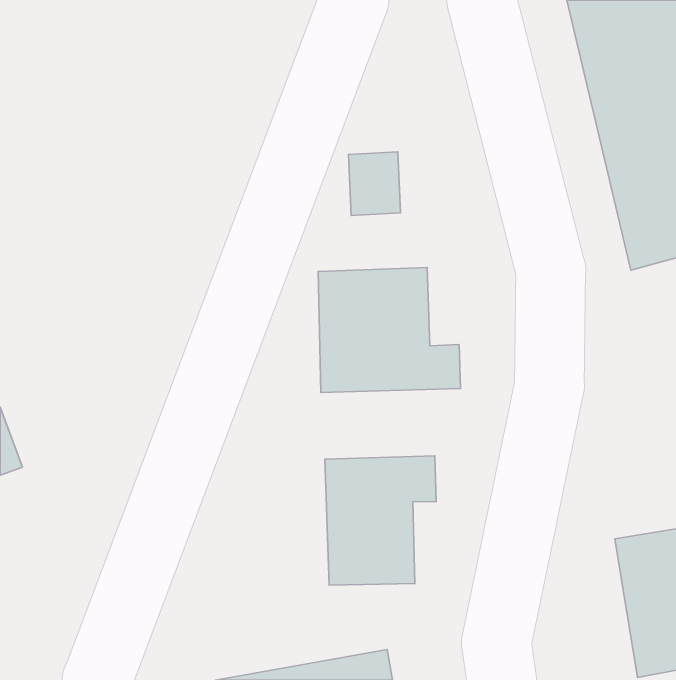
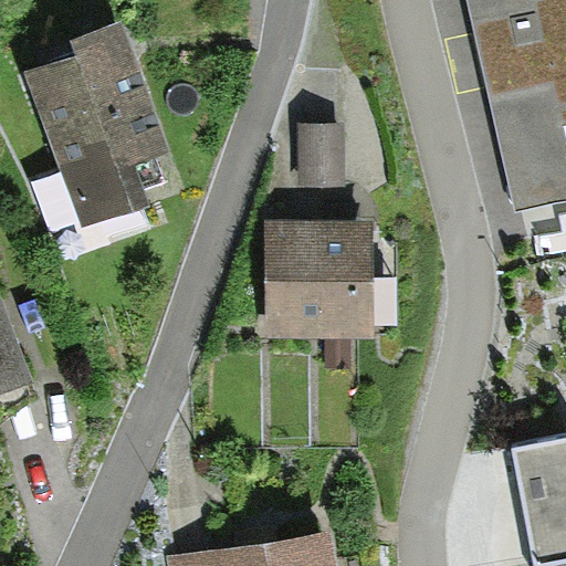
building: none -> [24,36,149,221]
building: [325,456,436,585] -> none

